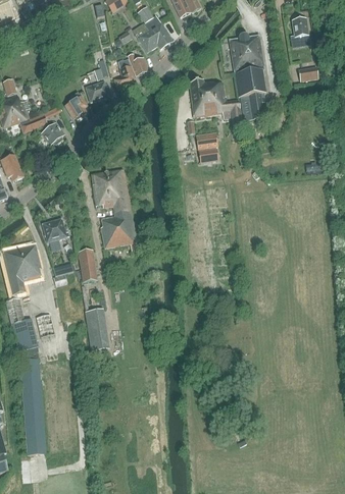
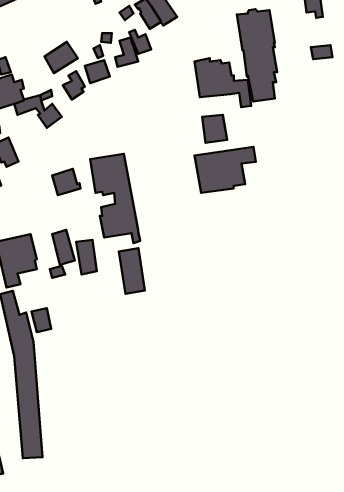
building: none -> [44,42,78,73]
building: none -> [195,147,256,193]
building: [42,218,68,242] -> [52,169,81,195]
building: [85,309,109,351] -> [119,248,145,294]

